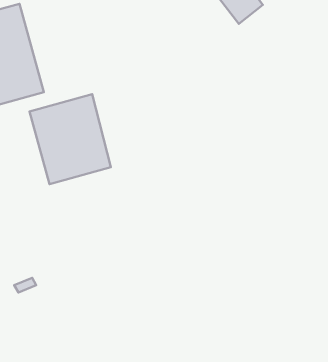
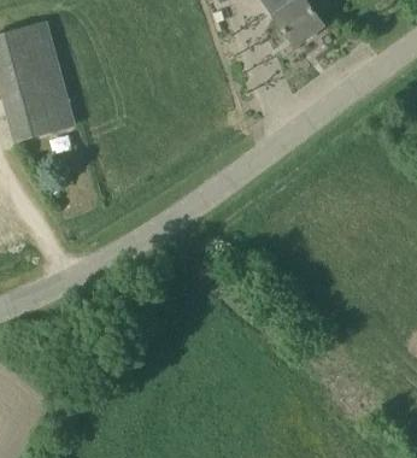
building: [30,94,111,184] -> none

